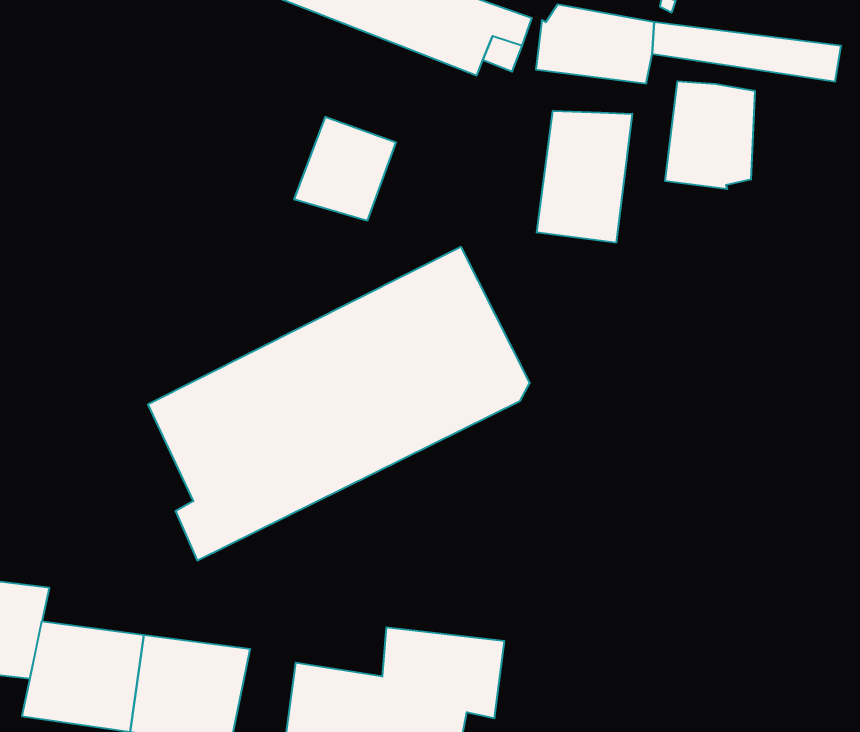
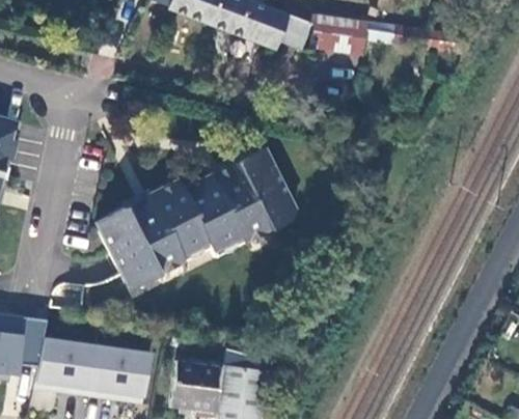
building: [665,81,755,189] -> none
building: [537,111,632,243] -> none
building: [294,117,396,221] -> none

